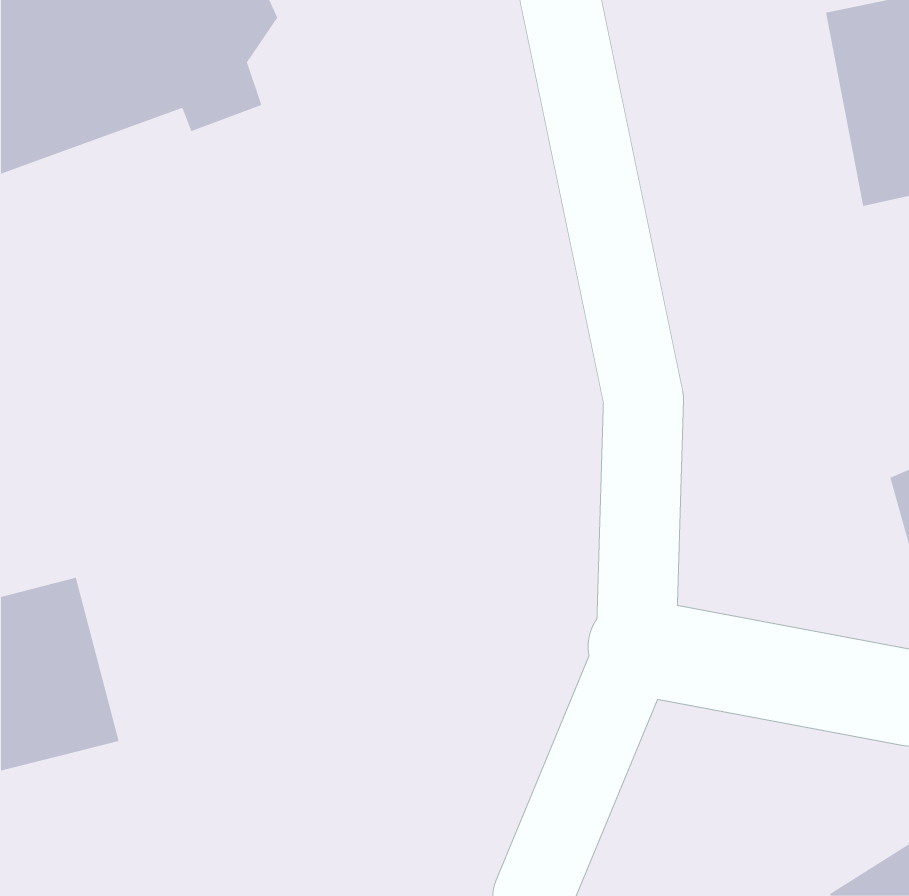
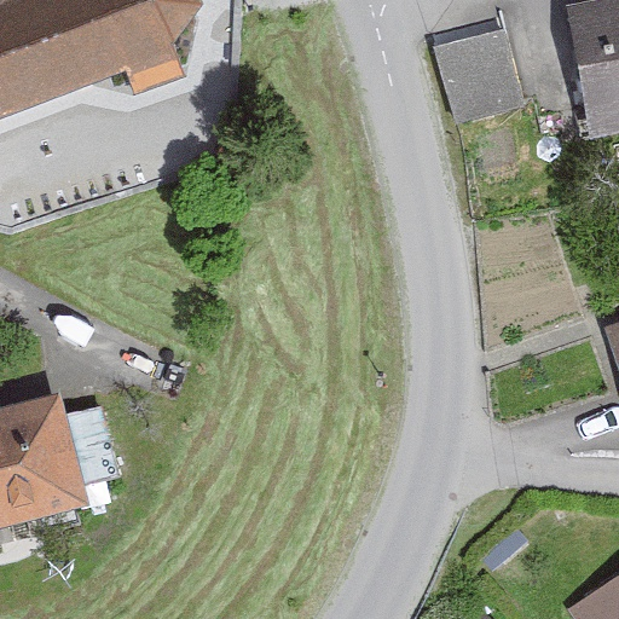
building: none -> [436,28,523,122]

